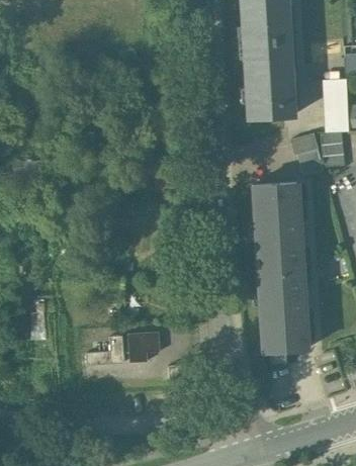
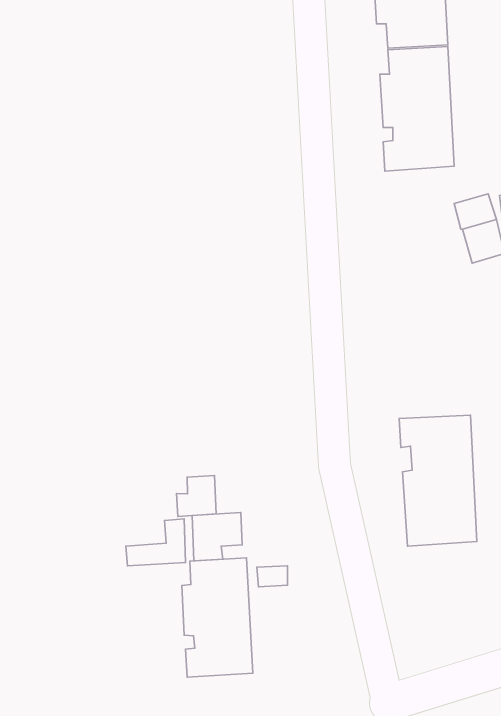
building: [253,183,301,273] -> none
building: none -> [177,475,216,517]
building: none -> [182,558,253,677]

